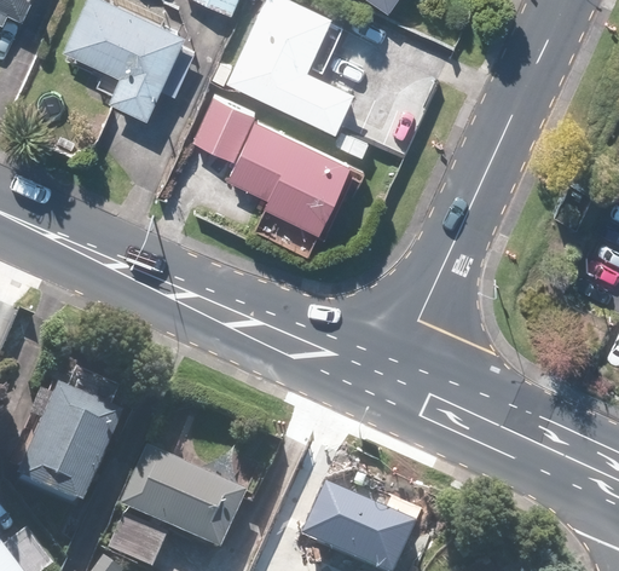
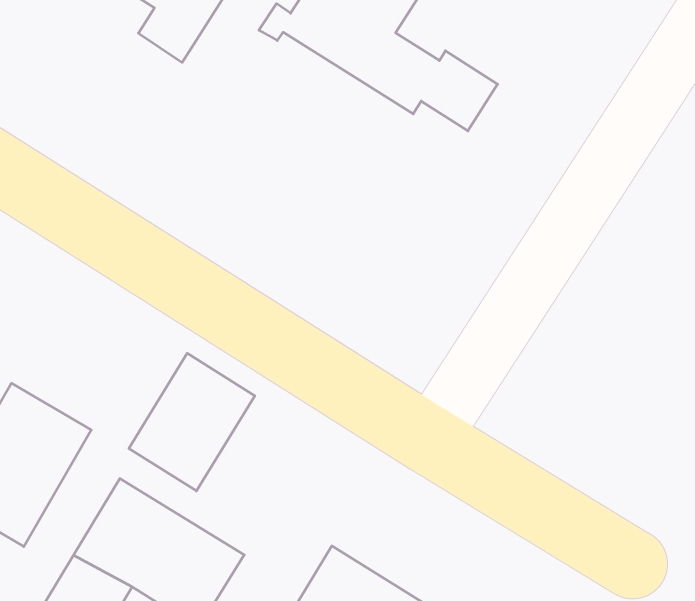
building: [187,90,354,255] -> none
building: none -> [129,353,255,491]

